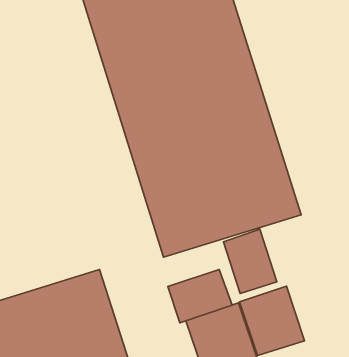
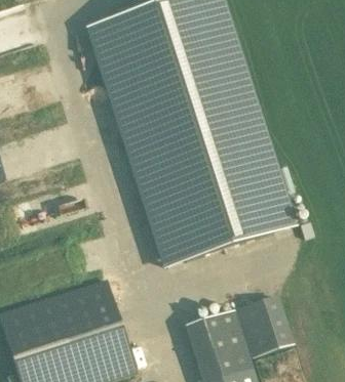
building: [224,229,277,294] -> none
building: [168,269,232,323] -> none

